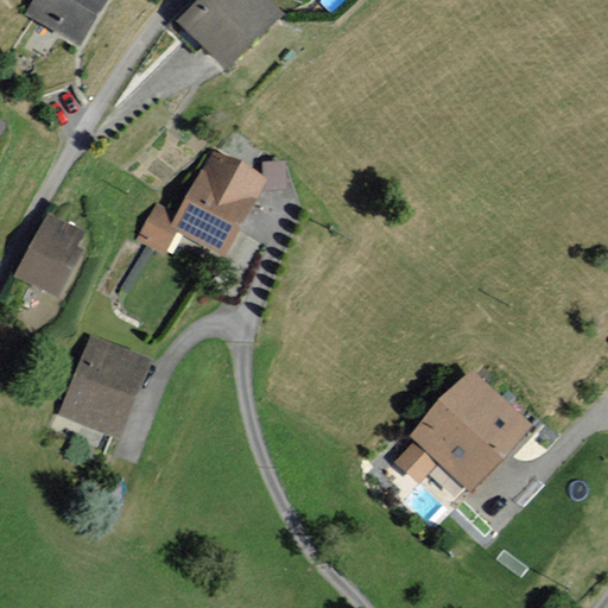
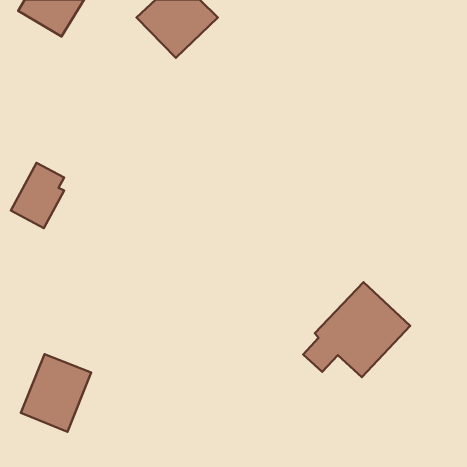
building: [135,150,266,254] -> none
building: [58,335,150,436] -> [21,354,91,432]

